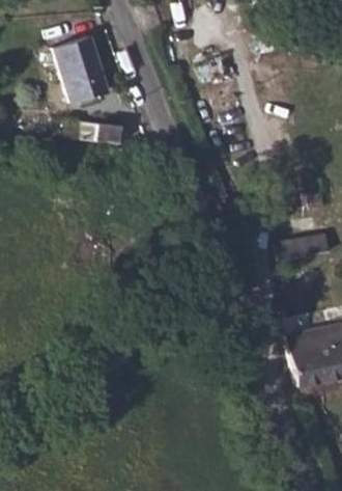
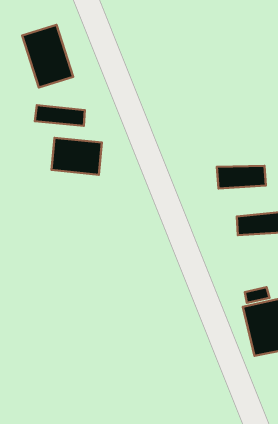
building: none -> [51,138,102,175]
building: none -> [217,166,266,188]

